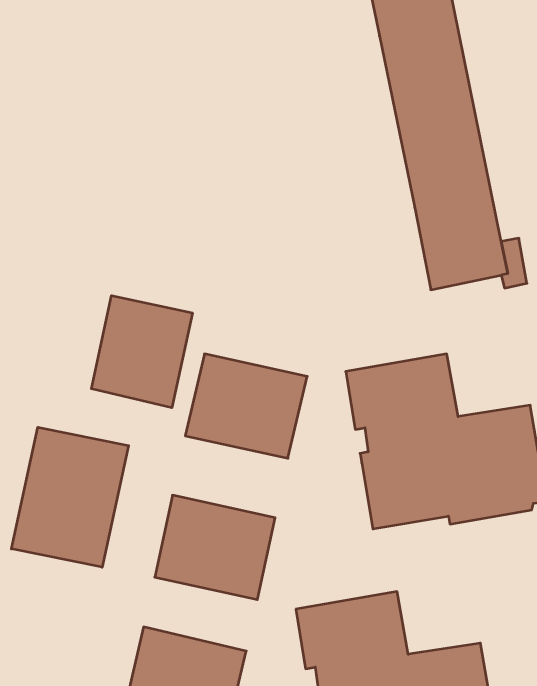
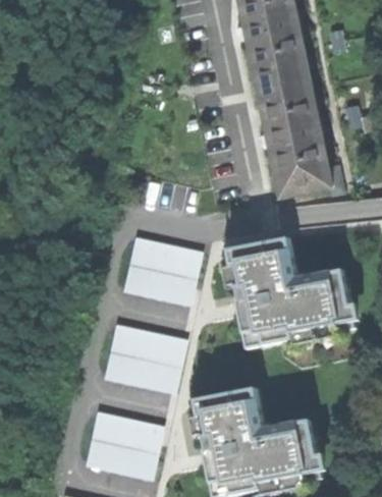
building: [91,296,192,408] -> none
building: [11,427,129,567] -> none

